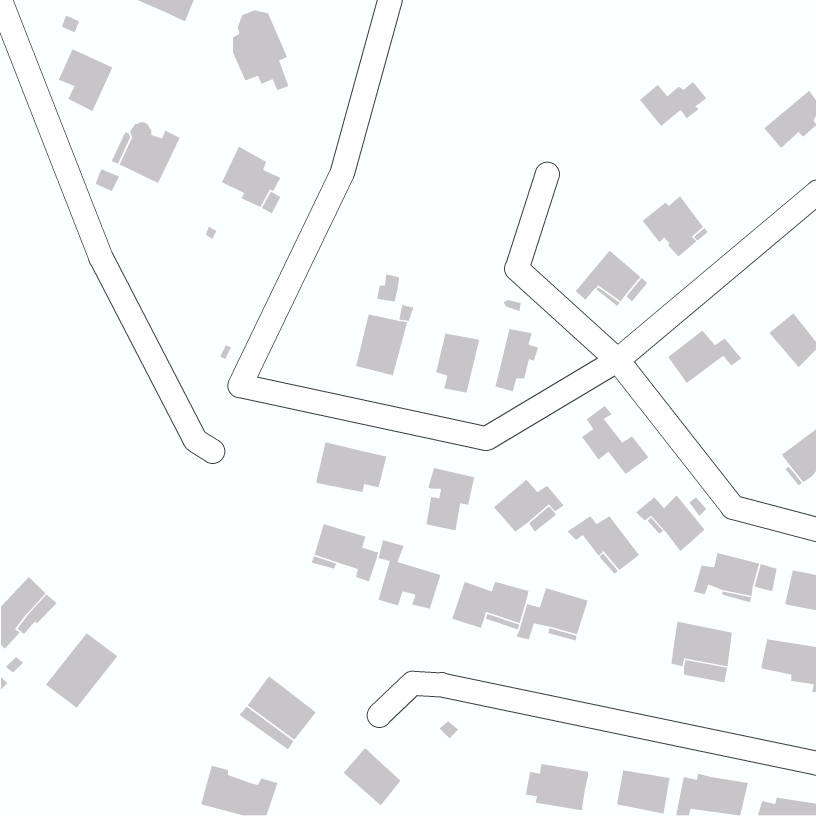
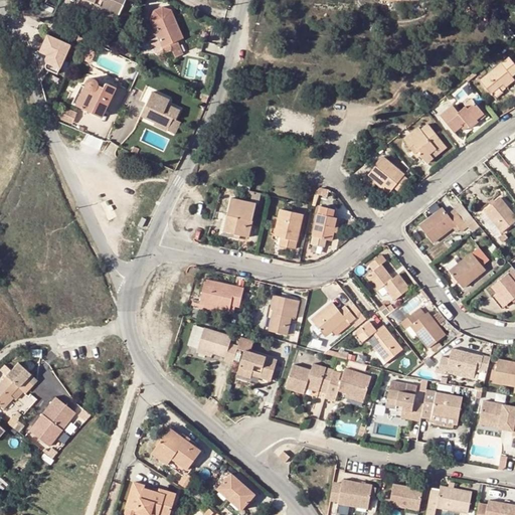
building: [639,81,708,127] -> [441,103,484,132]
building: none -> [449,246,489,287]
building: none -> [386,381,424,422]

